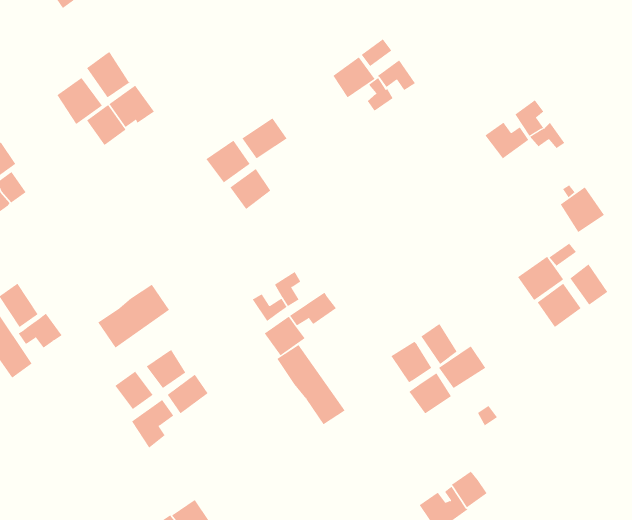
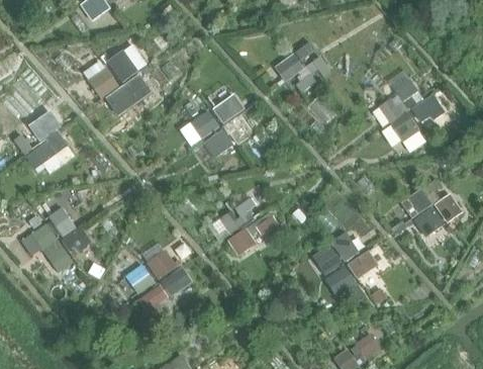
building: [560,187,605,233] -> [389,110,419,142]
building: [97,284,170,349] -> none
building: [276,344,345,425] -> none

